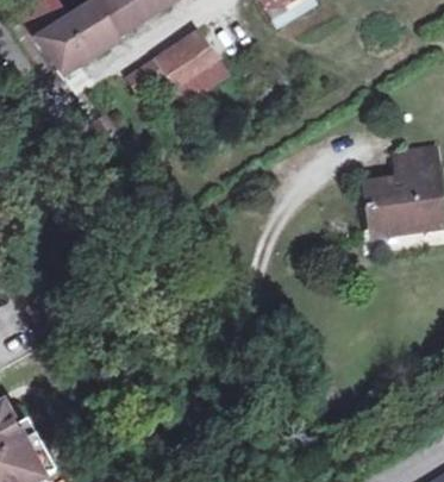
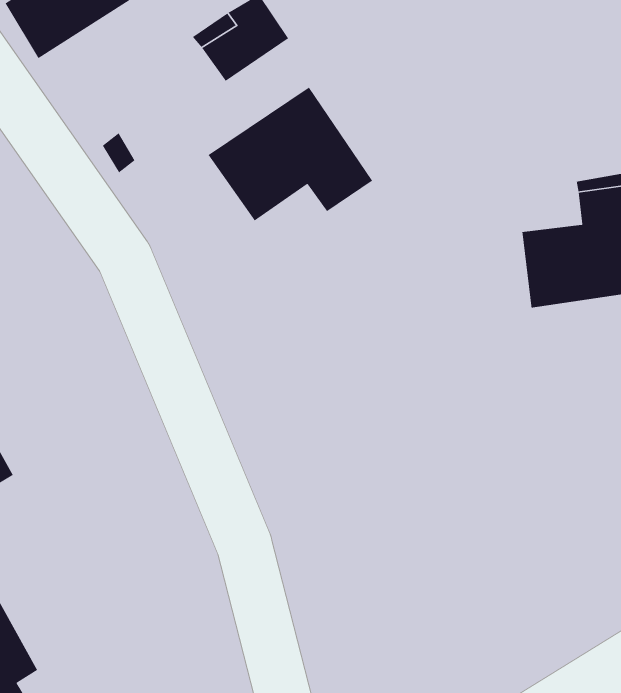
building: none -> [207,87,373,222]

